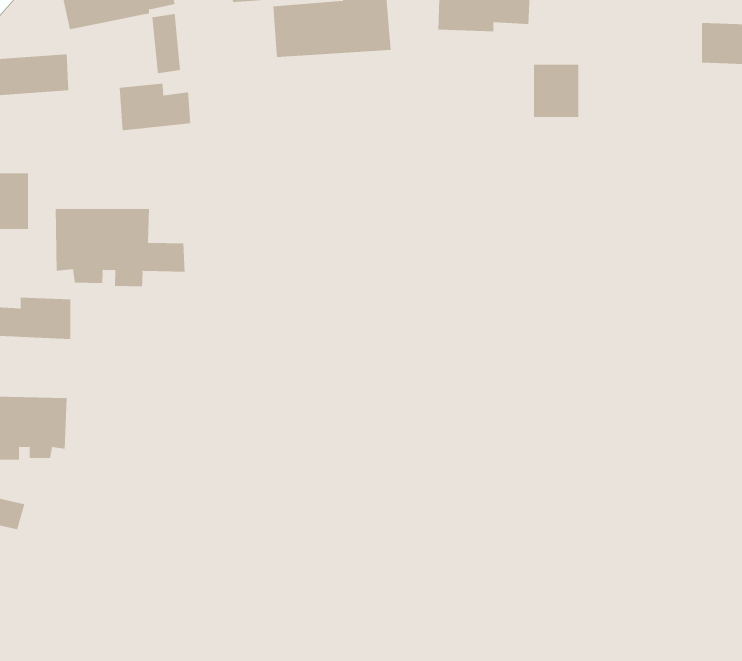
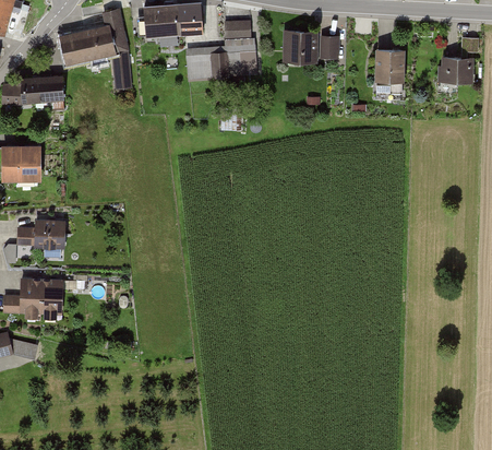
building: [533,64,579,117] -> [375,49,403,81]
building: [119,83,191,131] -> none
building: [55,208,185,287] -> none

